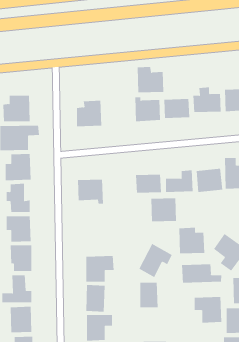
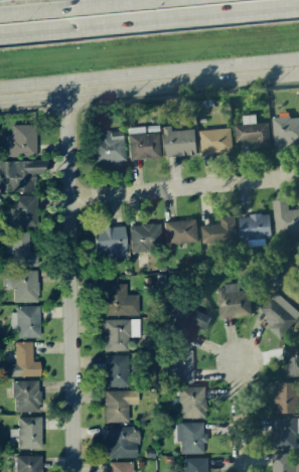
building: [137,66,164,93] -> [128,127,161,159]
building: [150,198,177,222] -> [130,223,162,253]
building: none -> [103,284,139,316]
building: [181,264,222,283] -> none
building: [194,297,222,323] -> [172,386,206,419]

